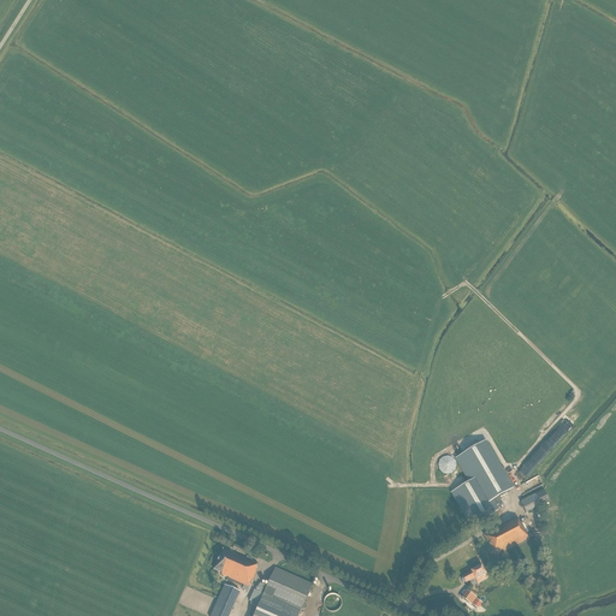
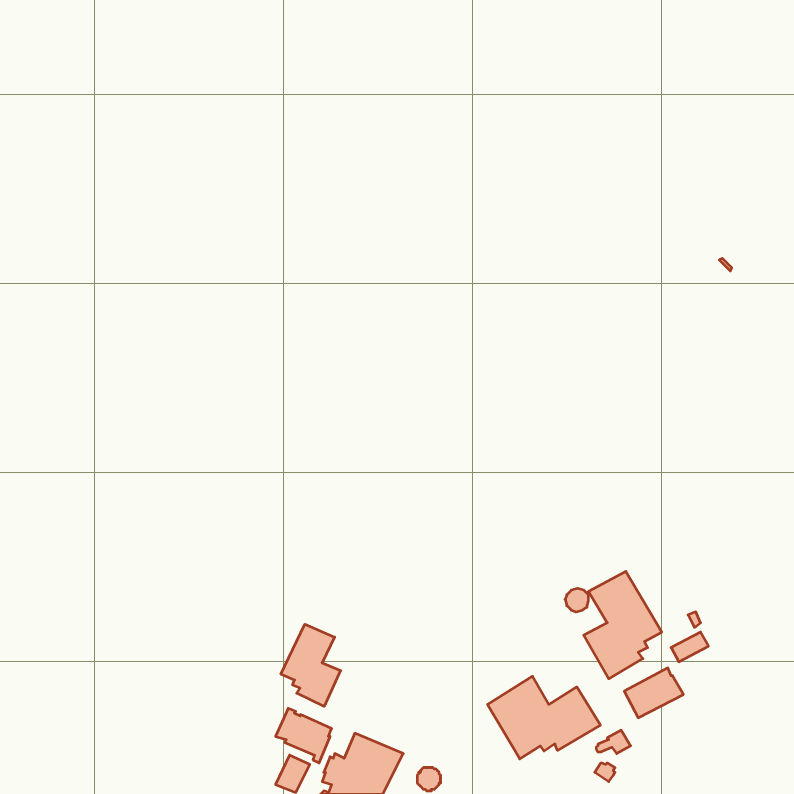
building: none -> [281,624,341,706]
building: none -> [488,676,600,759]

